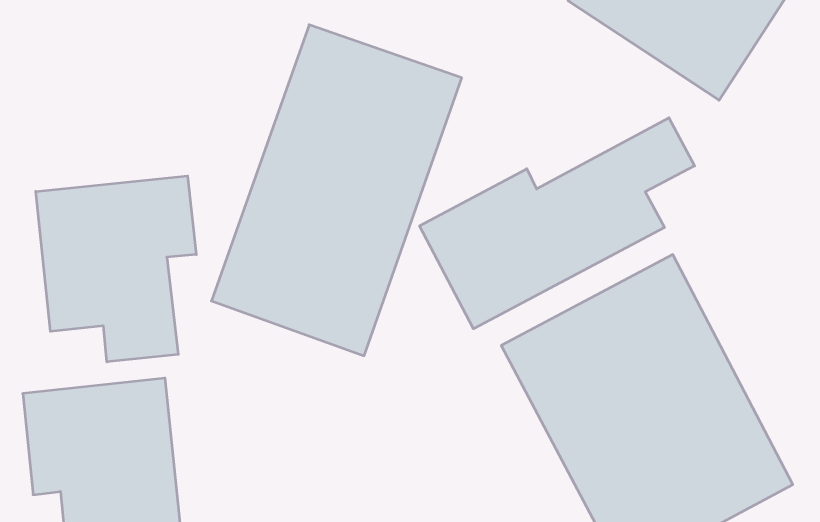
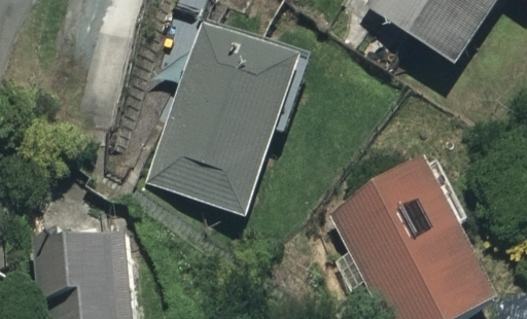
building: [420,118,695,329] -> none
building: [36,176,196,362] -> none

